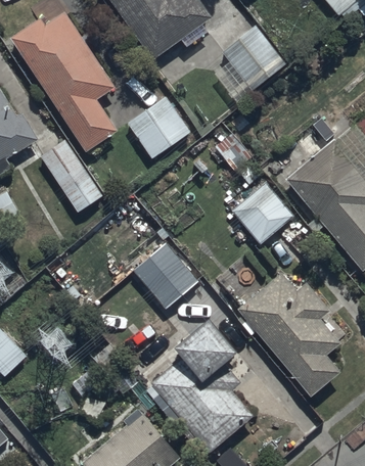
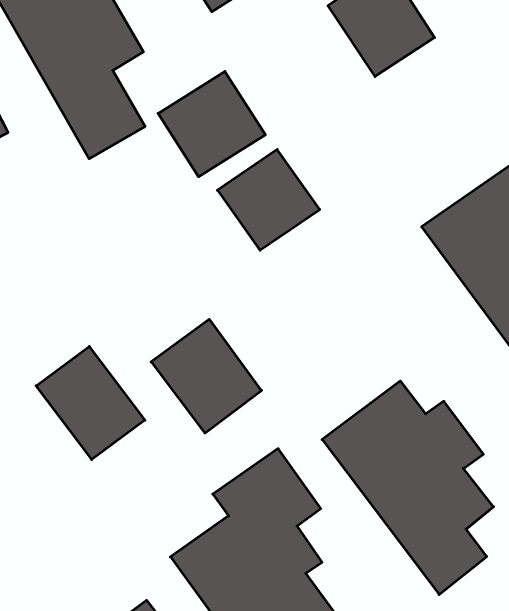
building: [40,140,102,214] -> none
building: [232,184,293,244] -> [217,149,320,250]
building: none -> [36,346,145,460]

